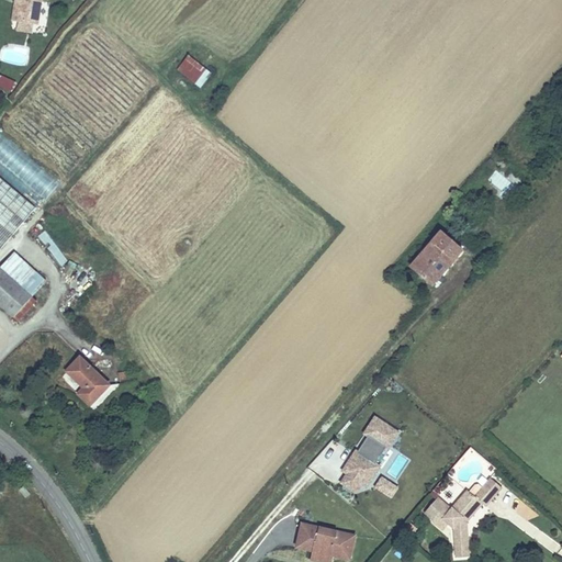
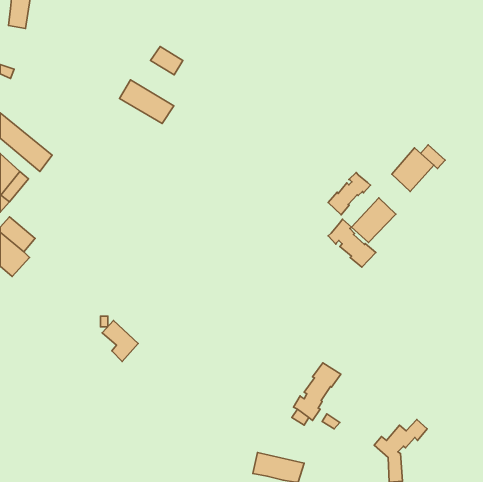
building: none -> [119,80,174,124]
building: none -> [392,148,434,191]
building: none -> [328,172,371,215]
building: none -> [328,219,376,267]
building: [66,353,108,401] -> [102,321,138,361]

